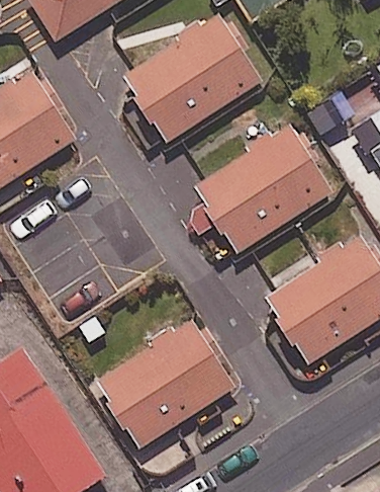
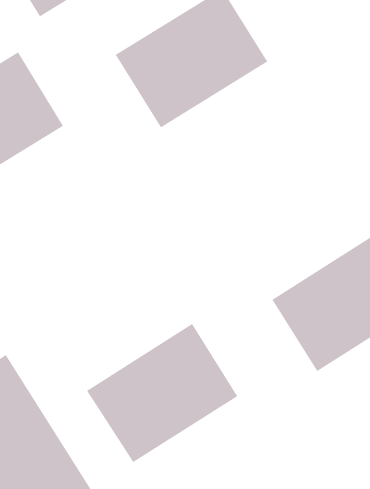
building: [194,126,331,251] -> none

